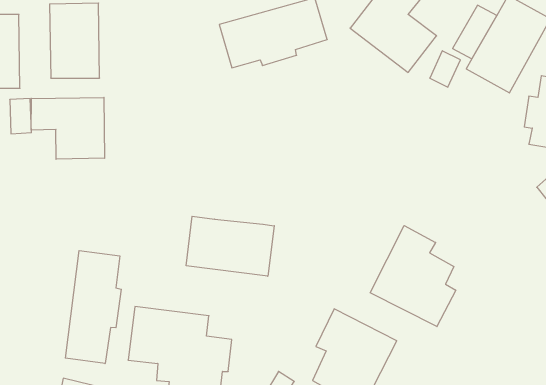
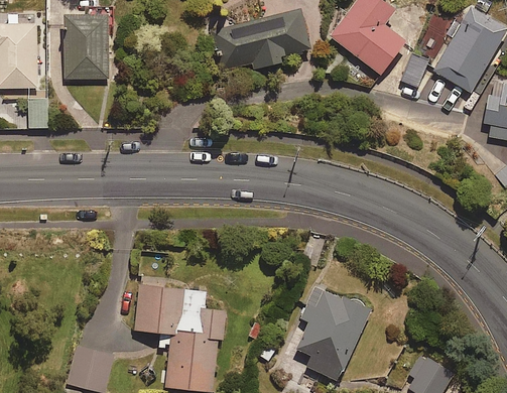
building: [31,97,105,159] -> none
building: [186,216,274,276] -> none
building: [370,226,456,327] -> none
building: [65,251,121,364] -> none

